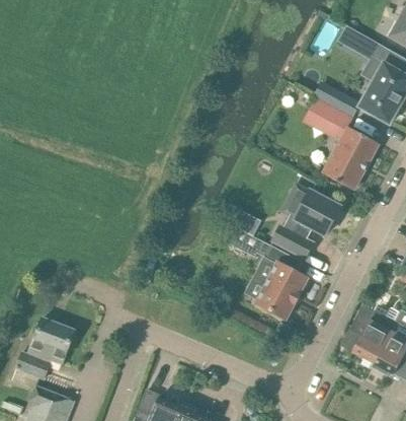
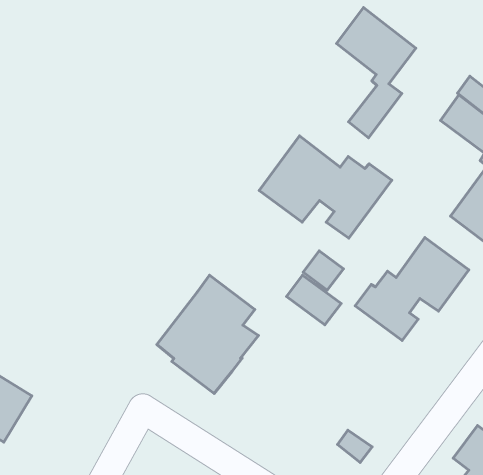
building: none -> [336,8,416,138]
building: none -> [259,136,392,238]
building: [244,245,308,321] -> [157,275,259,394]

